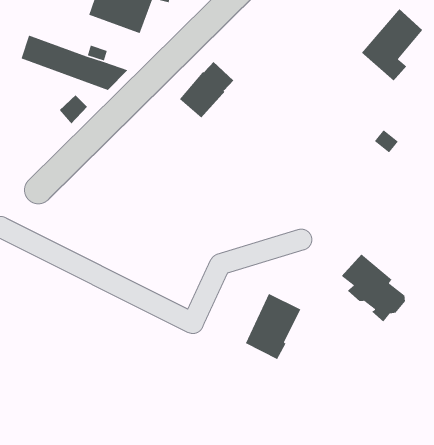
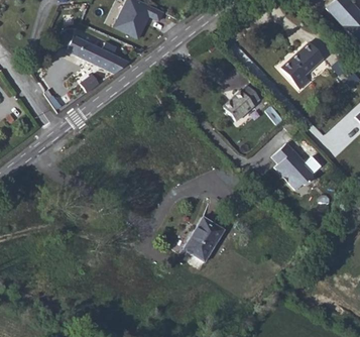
building: [179,61,234,118] -> [223,85,260,121]
building: [341,254,406,323] -> [272,143,313,190]

